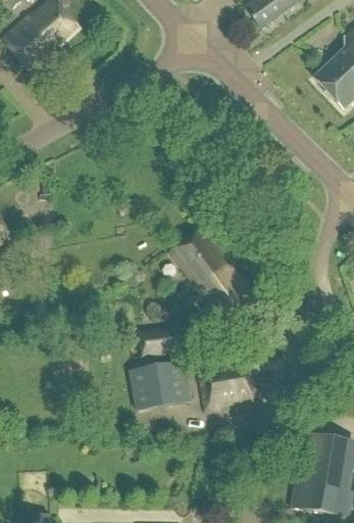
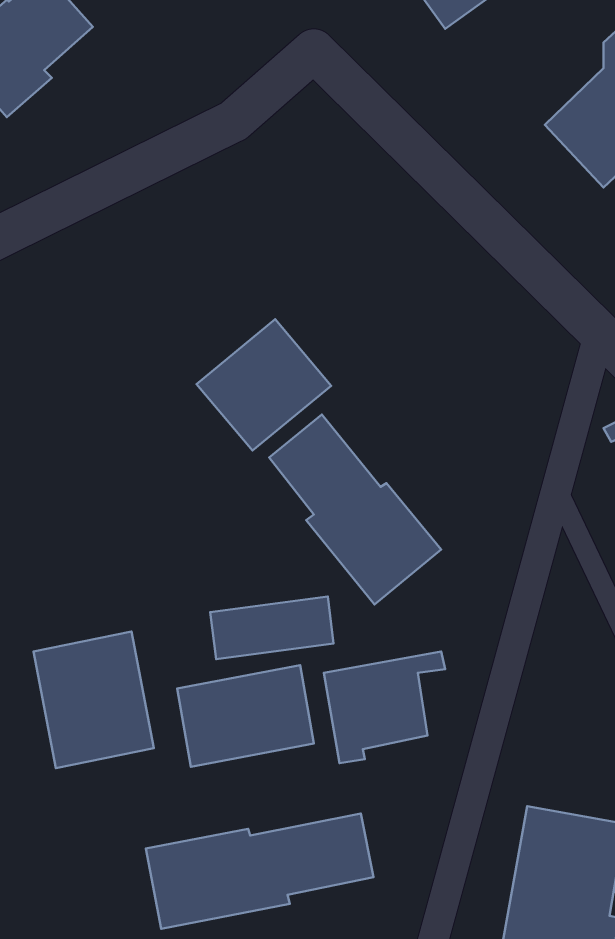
building: none -> [197,319,331,451]
building: none -> [34,632,154,768]
building: none -> [146,814,373,929]

